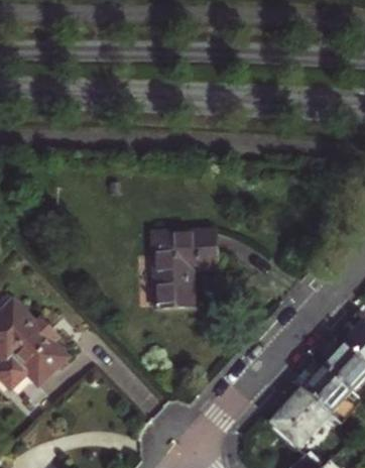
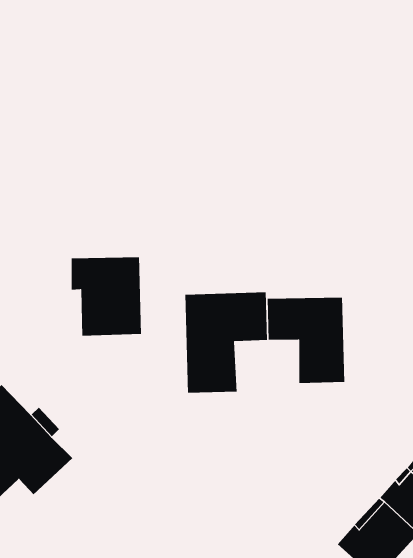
building: none -> [71,257,142,337]
building: none -> [267,297,345,384]

